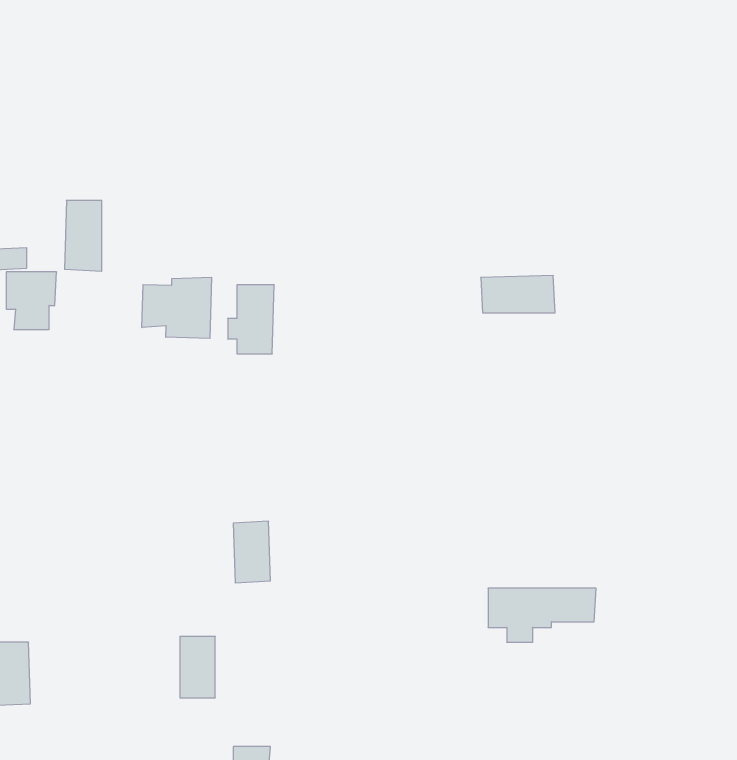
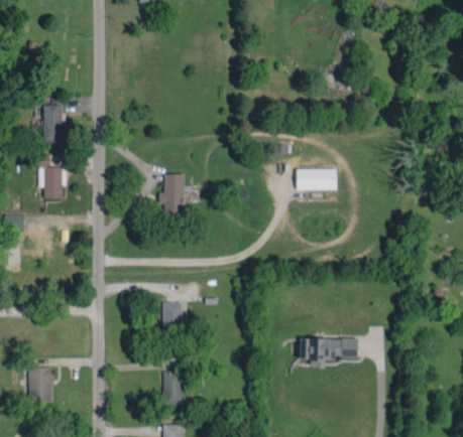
building: [65,200,102,271] -> [43,105,64,143]
building: [142,277,211,338] -> none
building: [180,636,215,698] -> [163,372,183,405]

